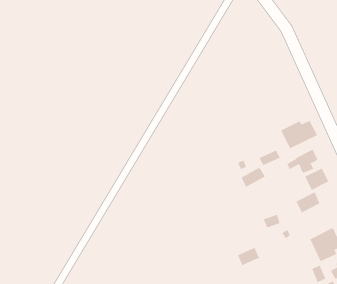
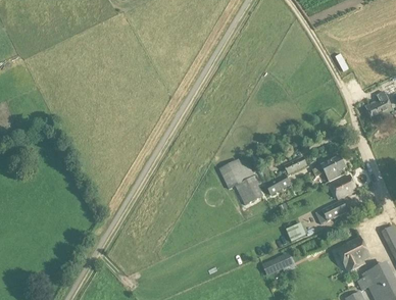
building: [280,120,318,149] -> none
building: none -> [218,157,263,204]

